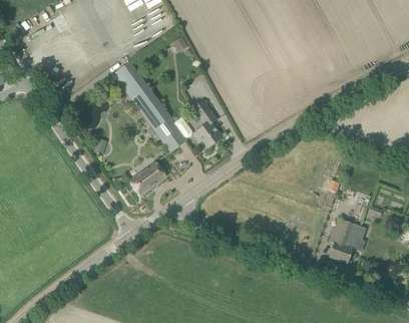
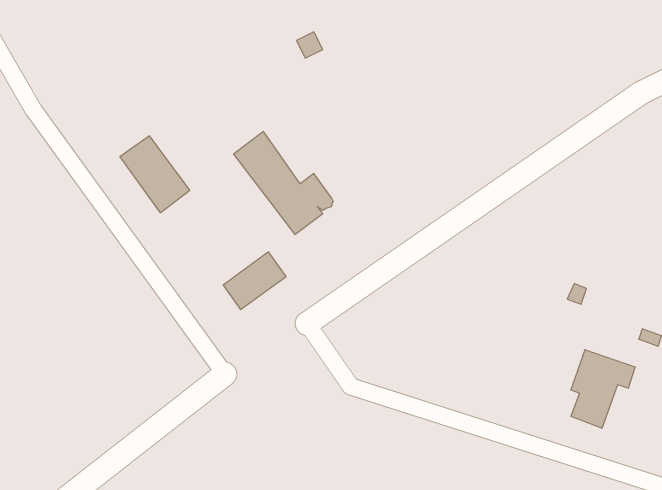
building: [113,61,153,105] -> [120,136,190,213]
building: [193,100,223,147] -> none

